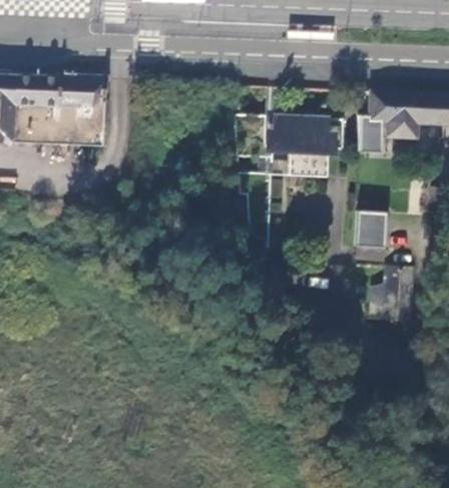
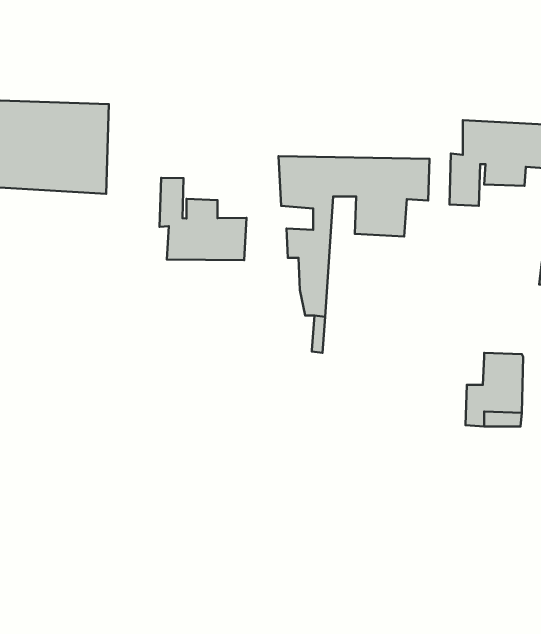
building: none -> [159,178,246,260]
building: [355,212,386,249] -> none

